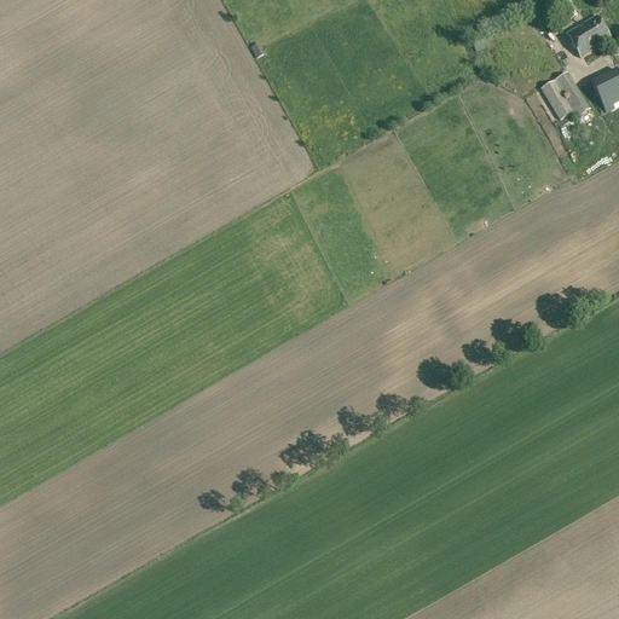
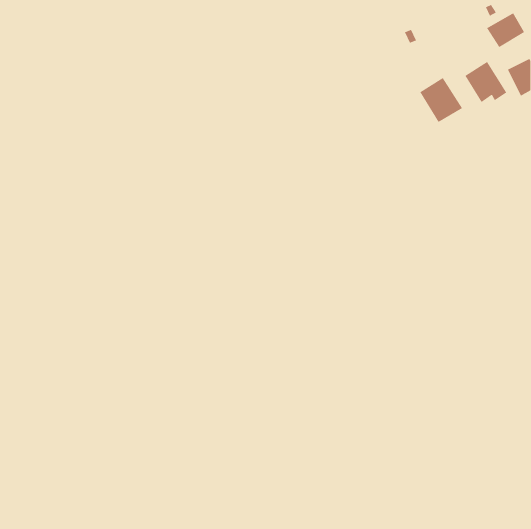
building: none -> [419,77,463,123]

